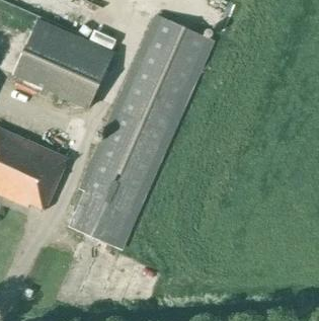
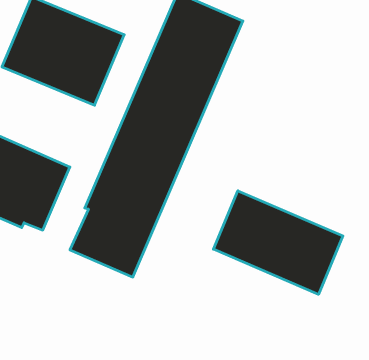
building: none -> [213,191,343,294]

